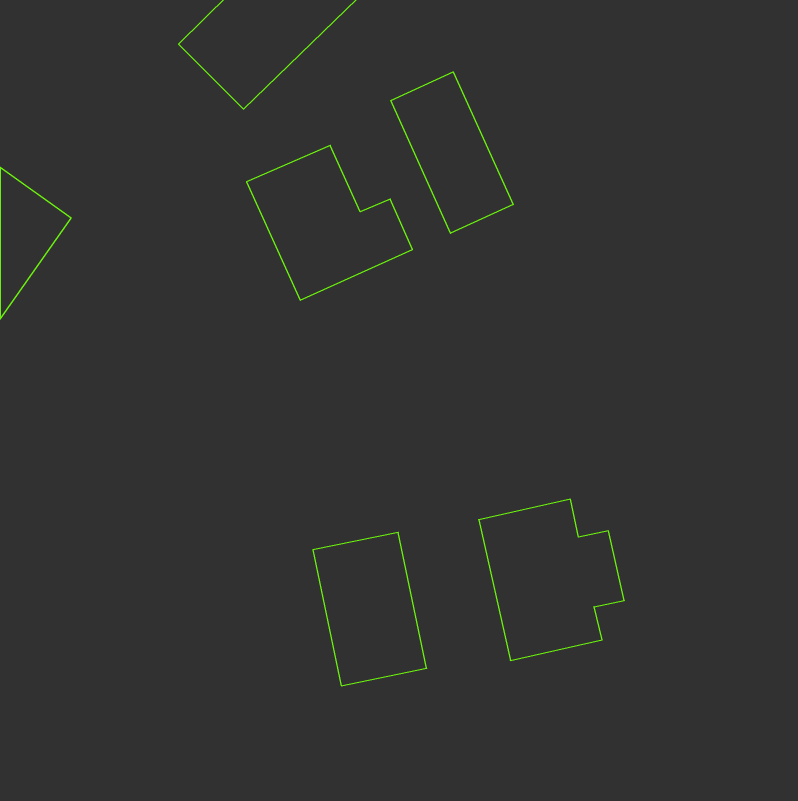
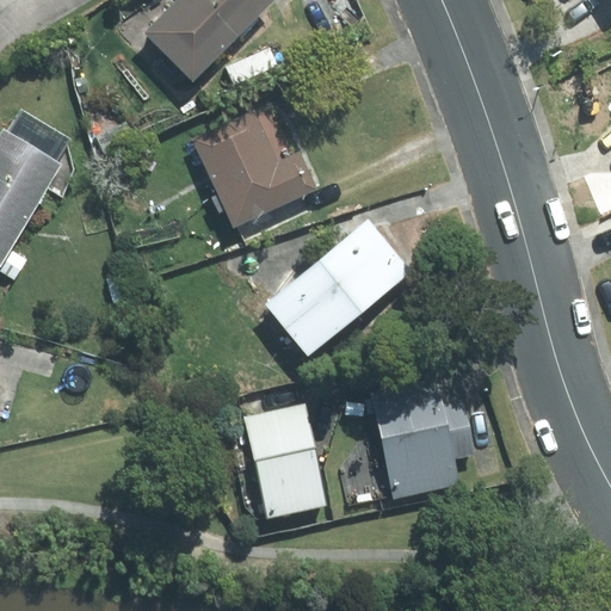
building: [391,72,513,233] -> none
building: none -> [264,218,412,357]

